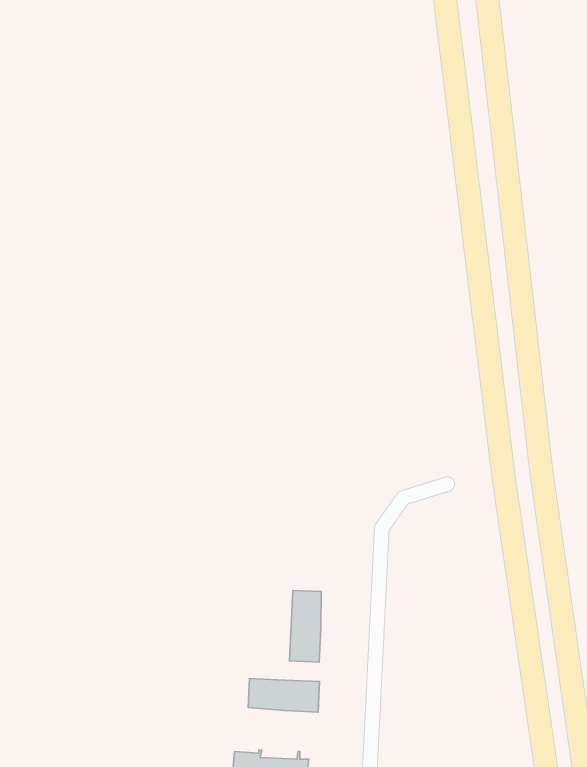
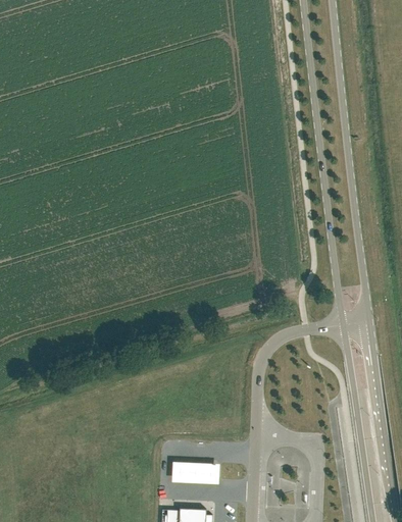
building: [289,590,321,662] -> none

